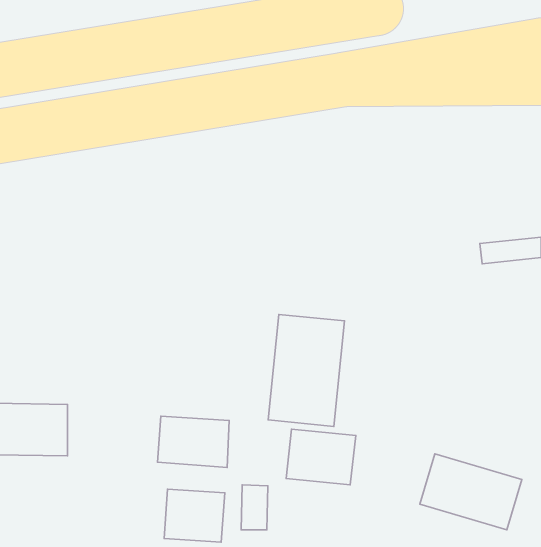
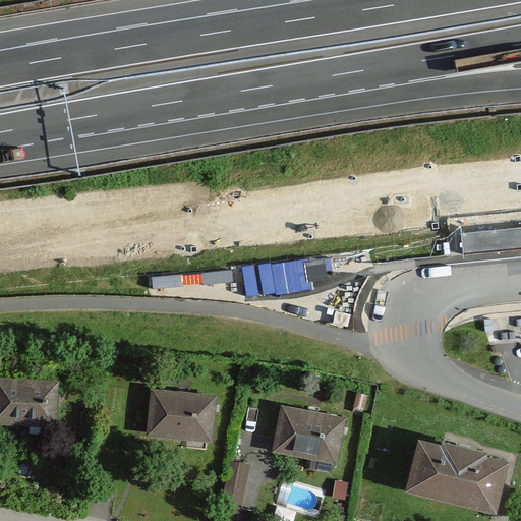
building: [268,314,344,426] -> none
building: [164,489,225,542] -> none

